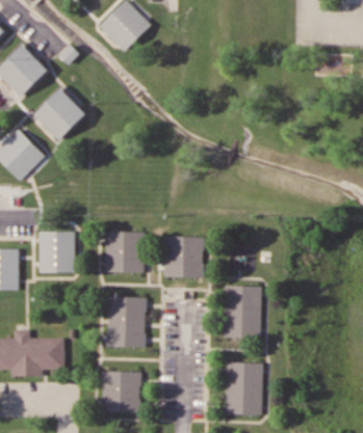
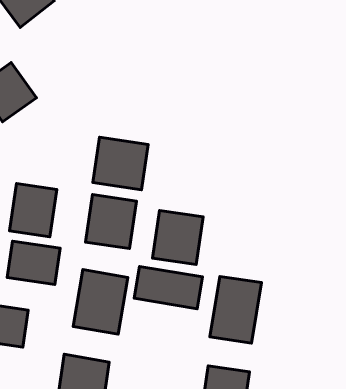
building: [34,87,86,140] -> none
building: none -> [93,137,148,190]
building: none -> [7,241,60,284]
building: none -> [134,266,203,309]

